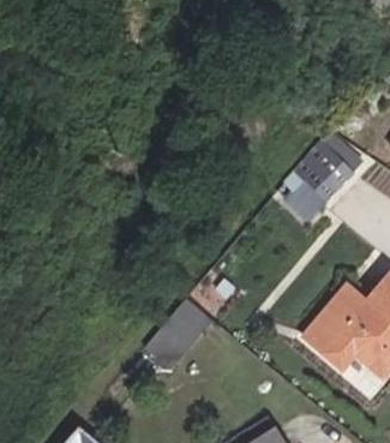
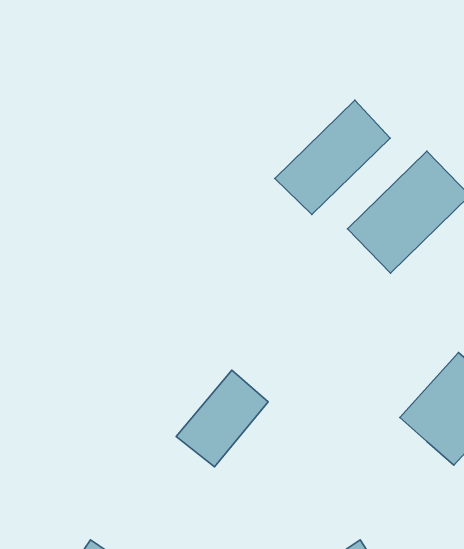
building: none -> [275,100,390,215]

